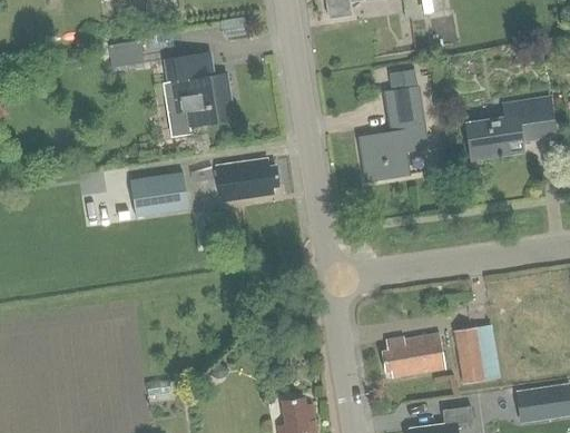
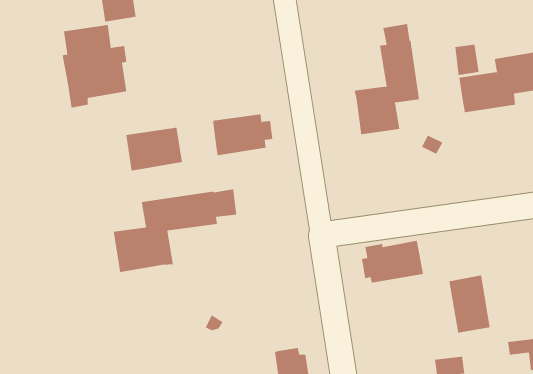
building: [163,51,228,136] -> [62,24,127,108]
building: none -> [455,44,479,76]
building: none -> [113,189,237,273]
building: [382,332,445,375] -> [361,240,424,283]

